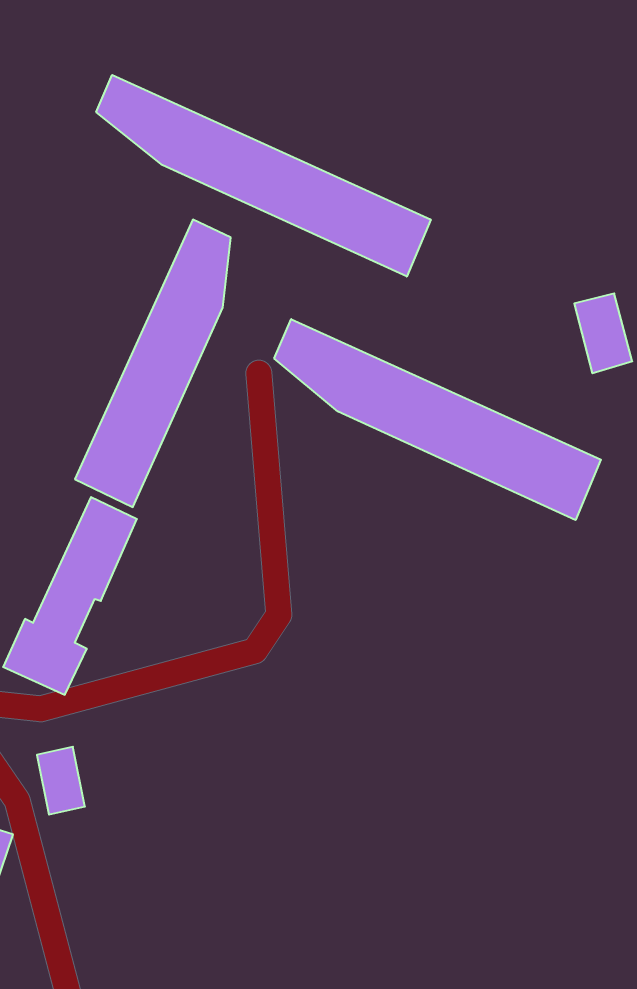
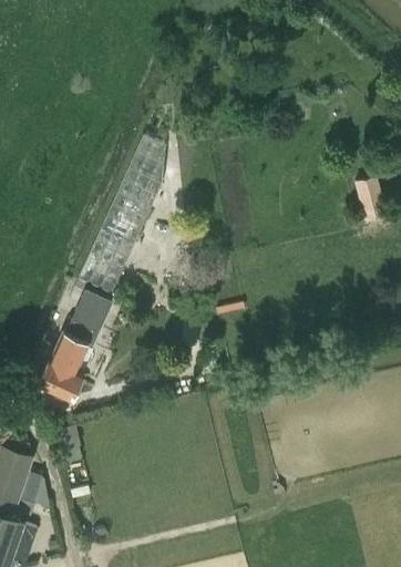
building: [96,75,431,277] -> none
building: [274,319,601,520] -> none

